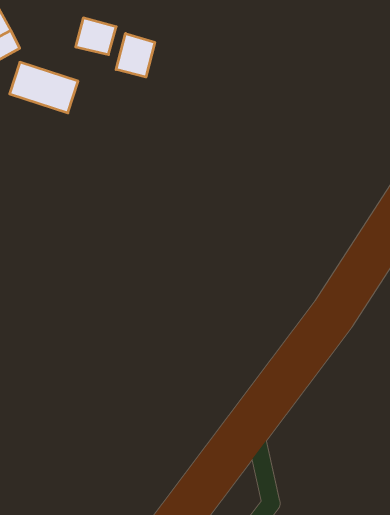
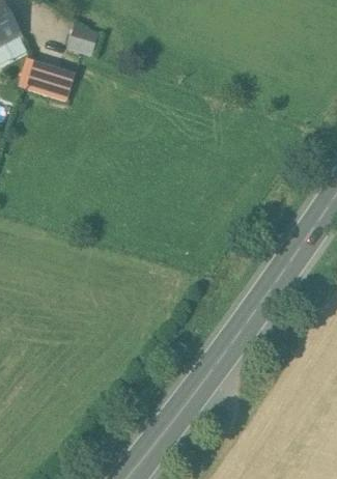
building: [116,33,155,77] -> none

